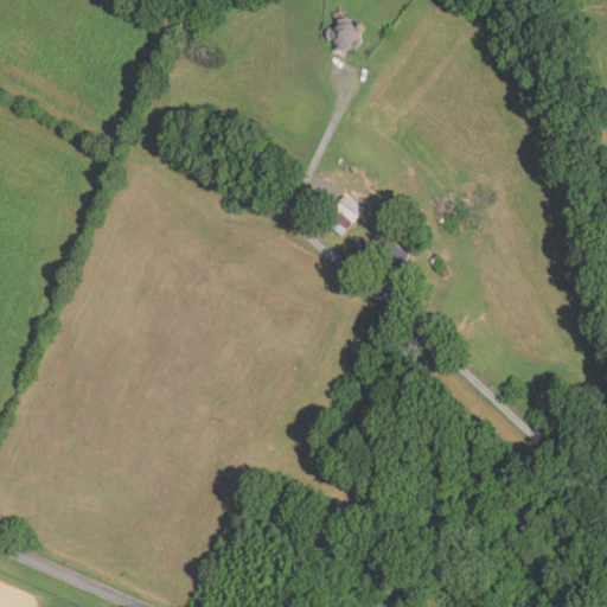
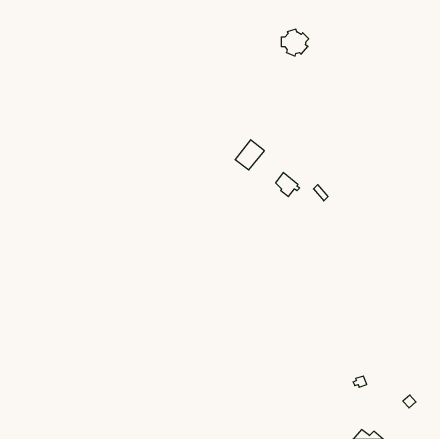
building: [328,15,366,52] -> [281,29,309,56]

